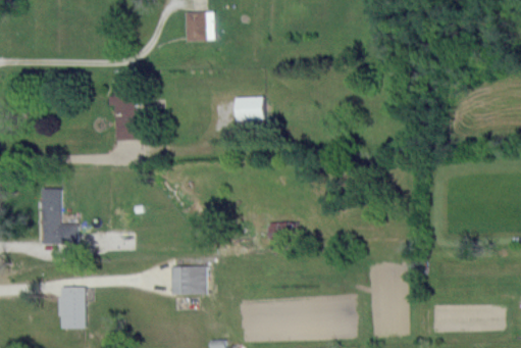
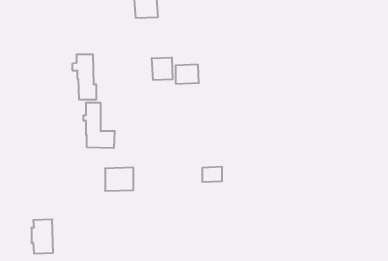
building: none -> [152,57,172,80]
building: [39,189,77,244] -> [83,103,115,148]
building: [170,266,205,295] -> [105,168,133,191]

